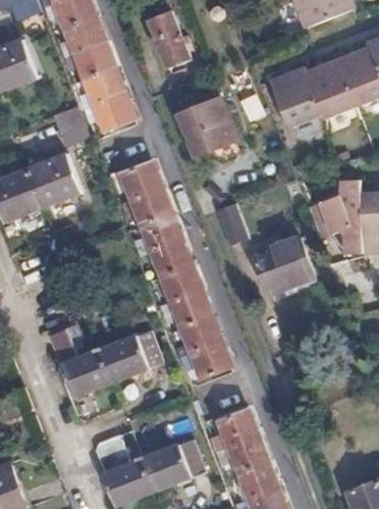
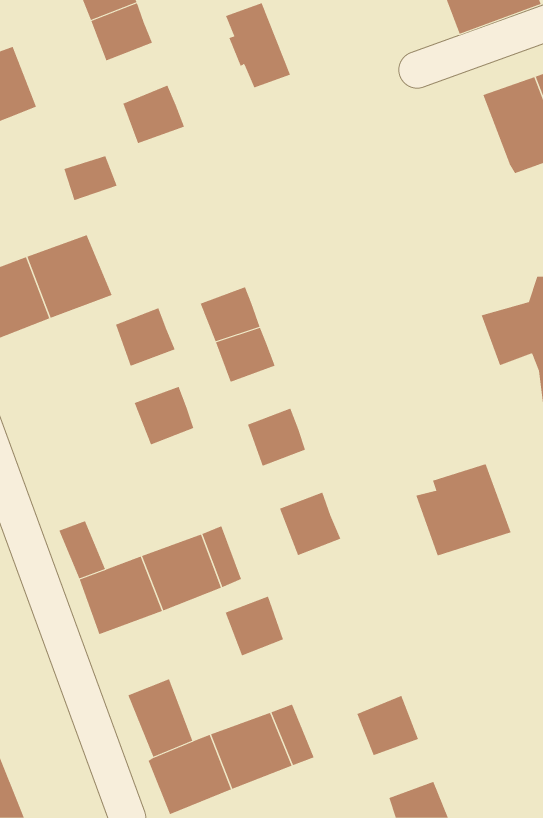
building: [76,38,114,74] -> none
building: [268,64,321,126] -> none
building: [96,89,134,126] -> none
building: [178,96,237,154] -> none
building: [124,160,161,196] -> [115,308,176,366]
building: [214,203,249,246] -> none
building: [152,234,188,269] -> [134,386,194,445]
building: [254,236,312,292] -> [415,464,511,556]
building: [171,285,208,320] -> none
building: [193,339,228,375] -> [225,596,284,656]
building: [218,409,256,445] -> none
building: [238,460,275,496] -> none

